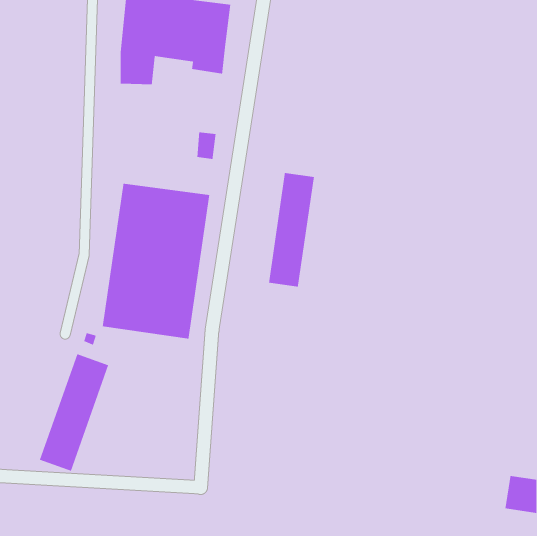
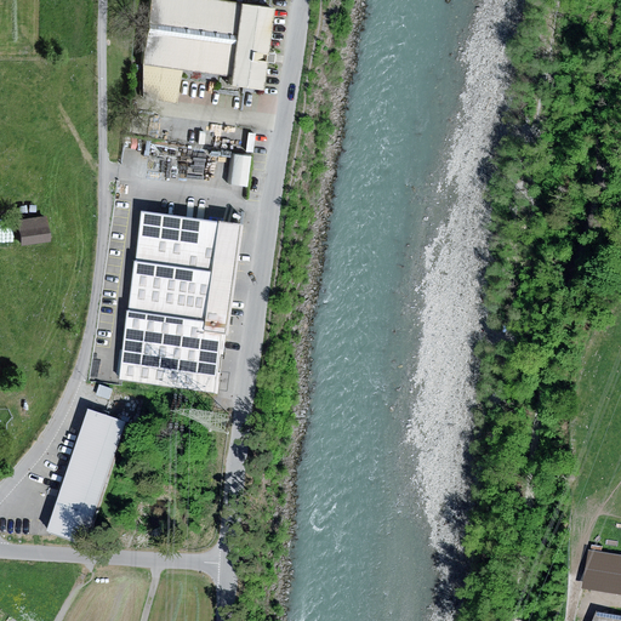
building: [268,172,315,288] -> none
building: none -> [15,215,46,243]

